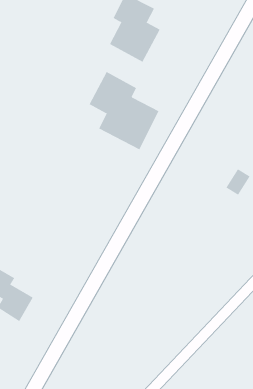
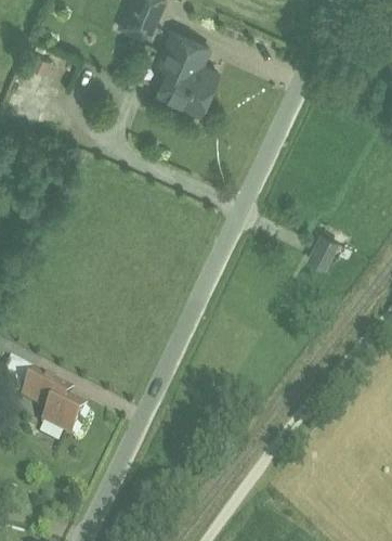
building: [89,71,159,150] -> none

